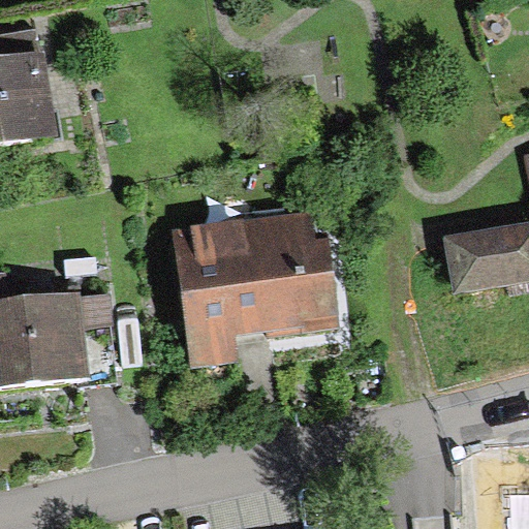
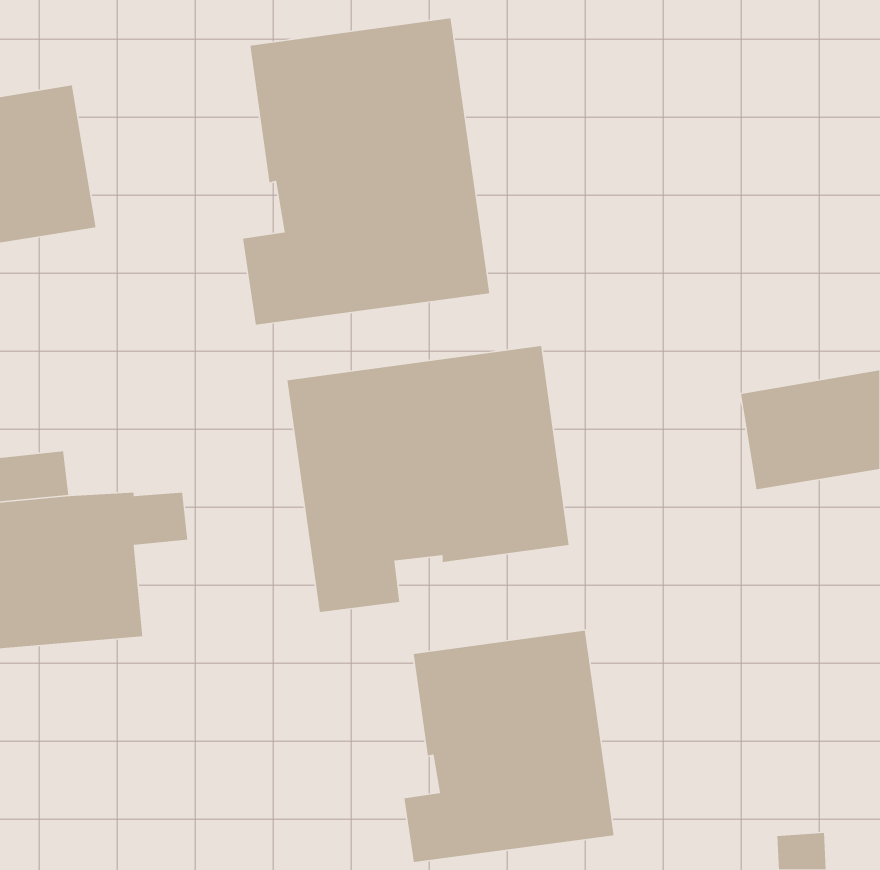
building: none -> [242,17,490,326]
building: none -> [404,630,614,863]

